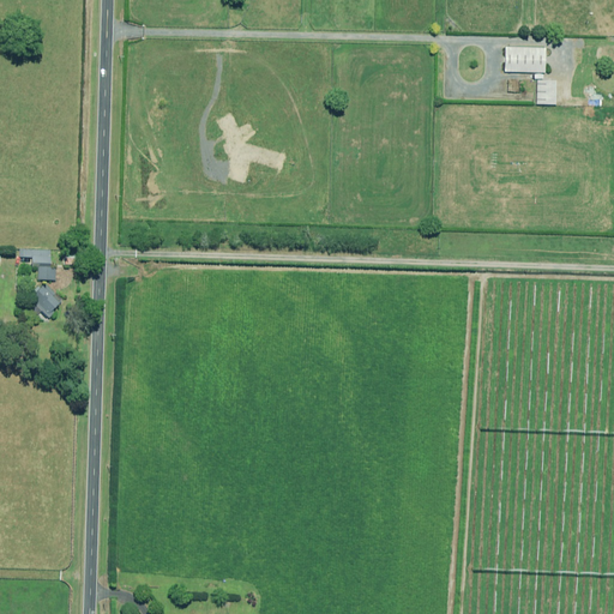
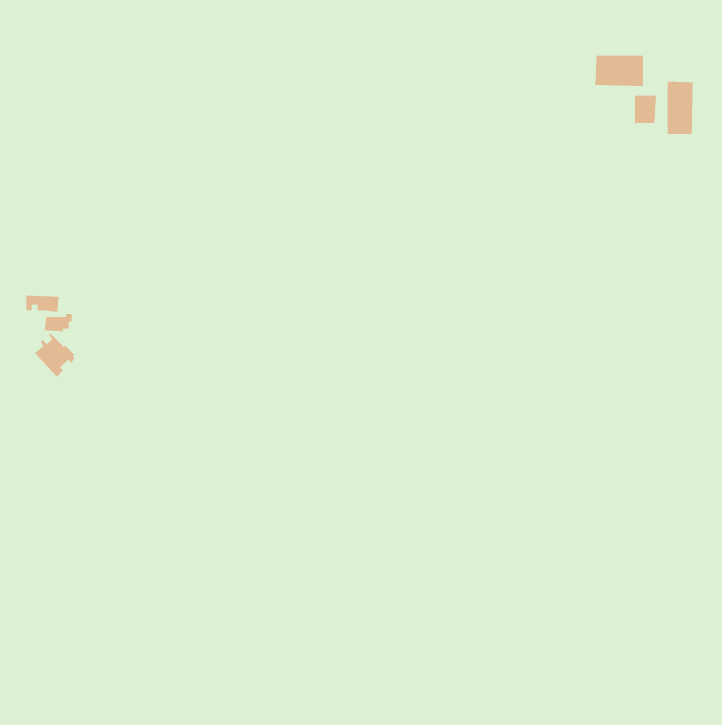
building: none -> [667,81,693,135]

